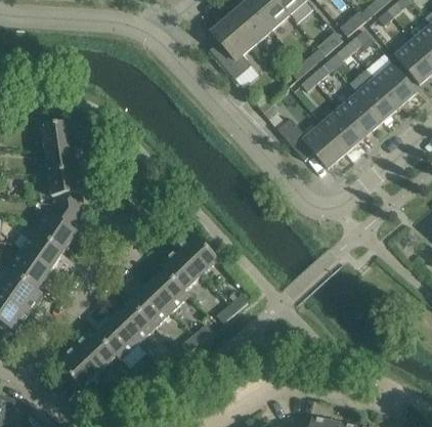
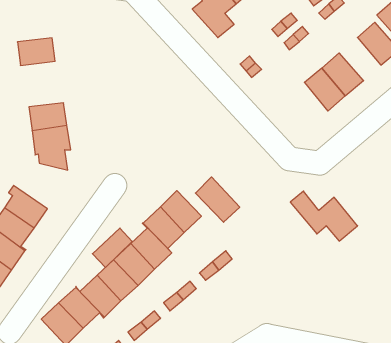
building: [356,79,398,122] -> none
building: [277,118,345,168] -> [290,191,358,241]
building: [42,121,80,148] -> [17,38,55,65]
building: [30,205,84,251] -> none
building: none -> [195,177,240,222]
building: none -> [92,228,132,267]

